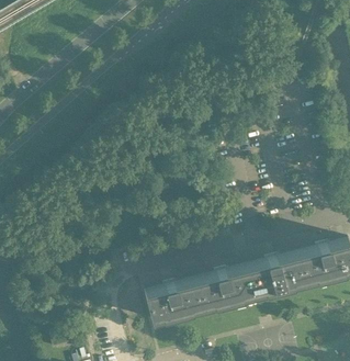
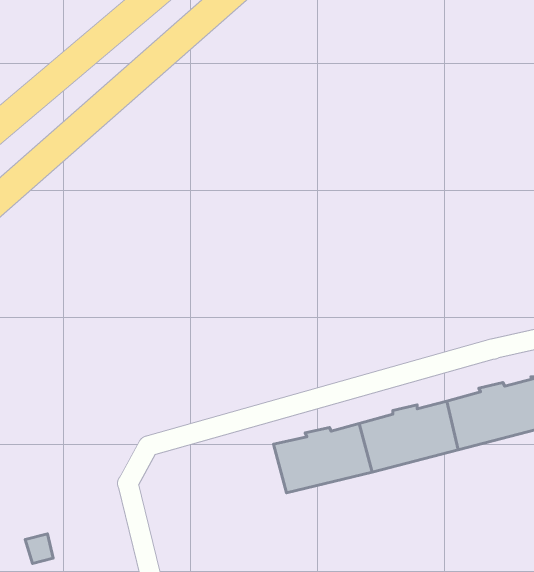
building: [143,277,202,319] -> none

